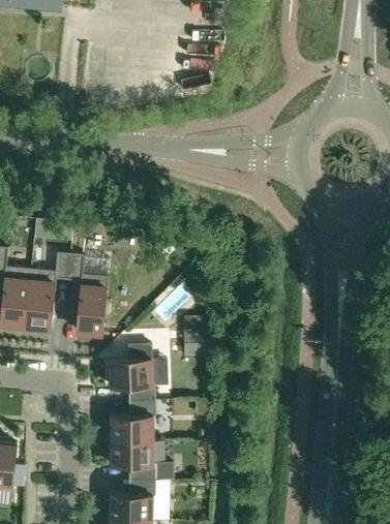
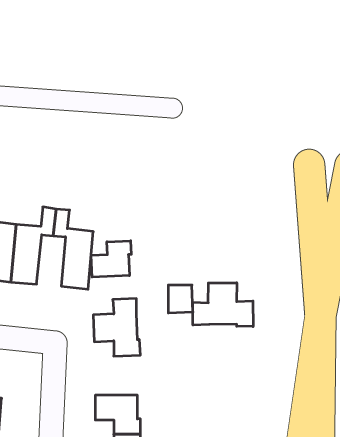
building: none -> [91,241,131,277]
building: none -> [193,283,253,327]
building: [111,400,156,440] -> none

